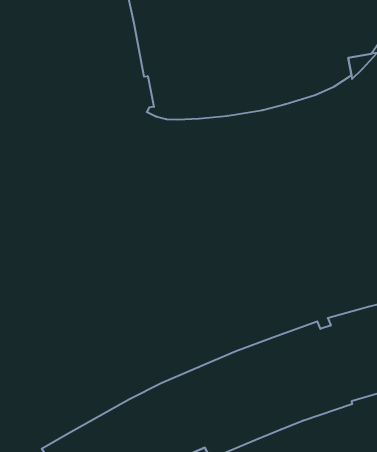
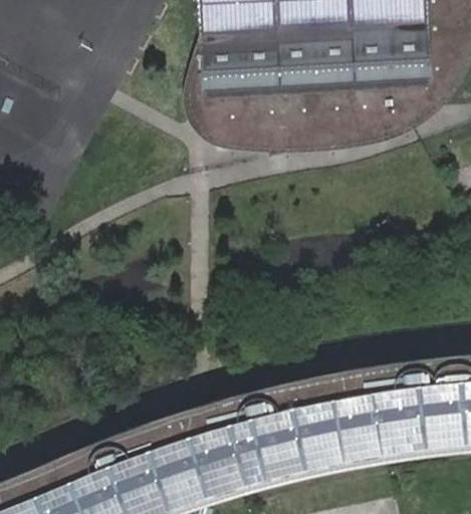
building: none -> [197,43,221,137]

